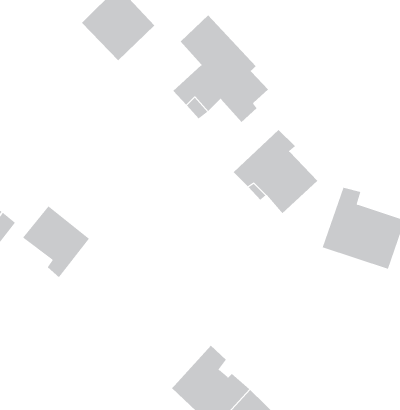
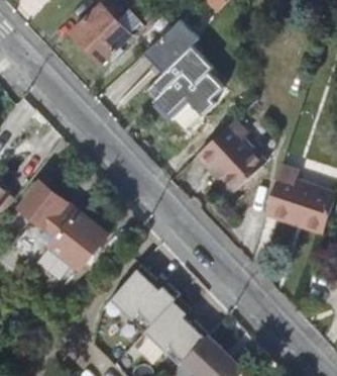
building: none -> [36,210,105,279]
building: none -> [110,265,178,331]

